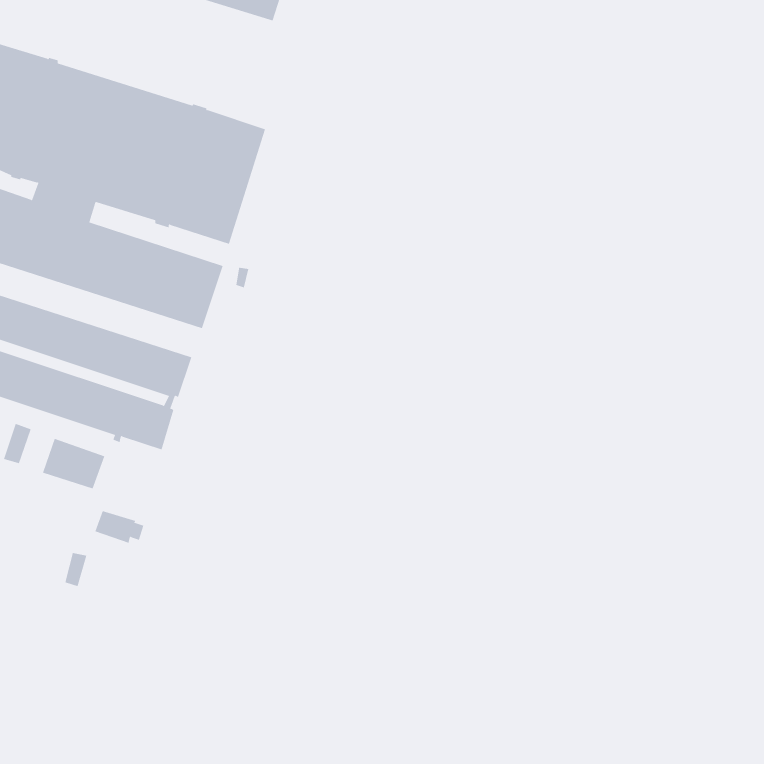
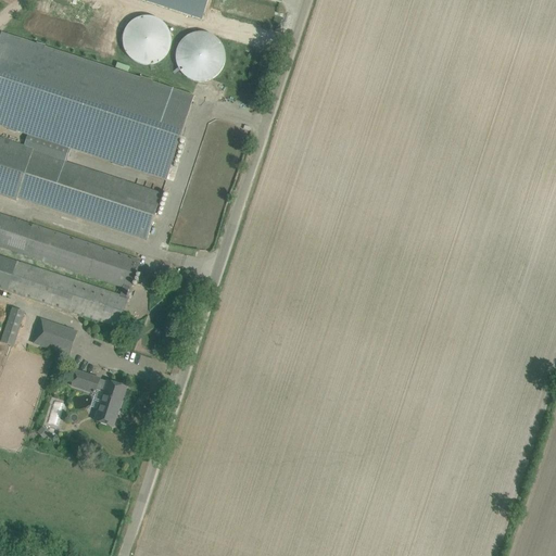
building: none -> [121,15,169,63]
building: none -> [174,29,224,80]
building: none -> [92,380,125,425]

